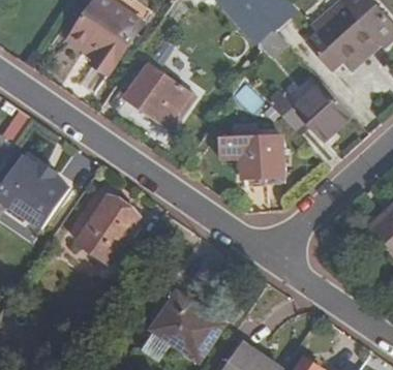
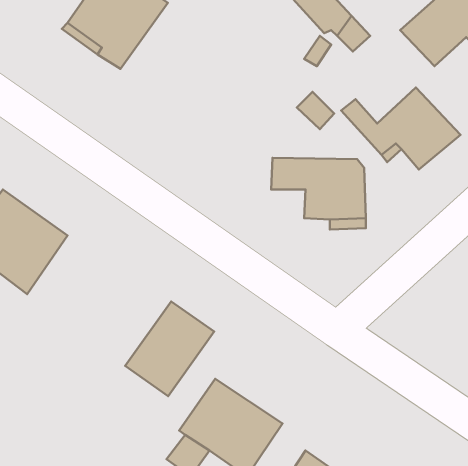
building: [123,61,193,128] -> none
building: [75,193,140,261] -> [125,301,214,396]

